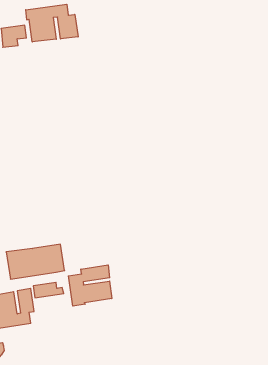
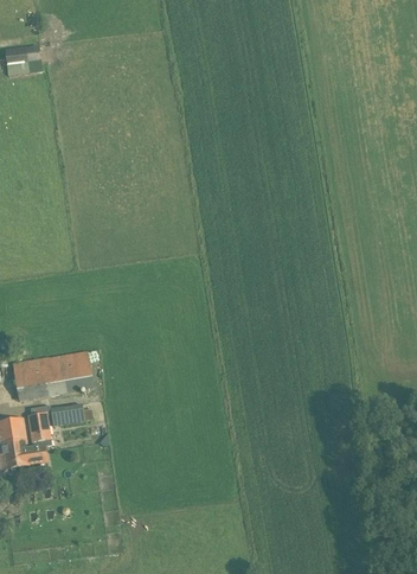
building: [26,4,78,42] -> none
building: [68,265,112,306] -> none

